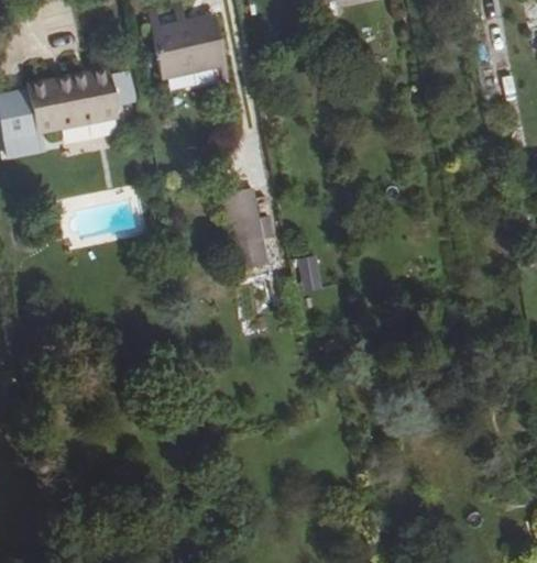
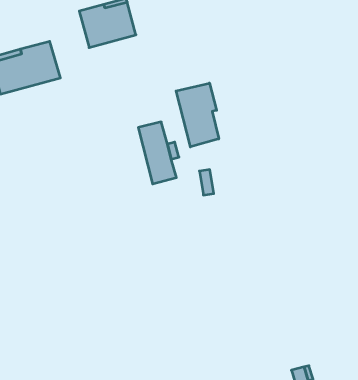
building: none -> [176,83,219,147]

